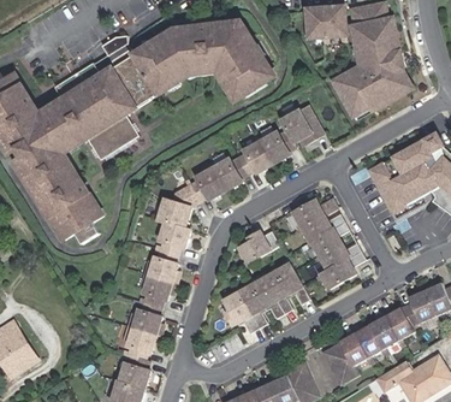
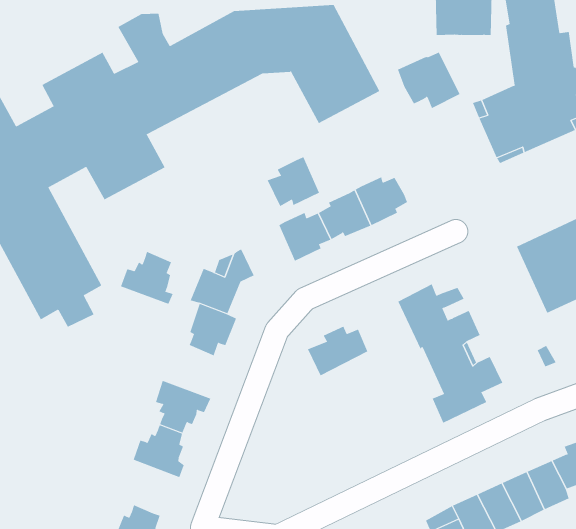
building: [281,107,324,144] -> [397,52,460,109]
building: [190,167,225,201] -> [267,157,320,207]
building: [144,249,179,283] -> [120,251,173,305]
building: [225,264,311,333] -> none
building: [125,326,160,360] -> none

